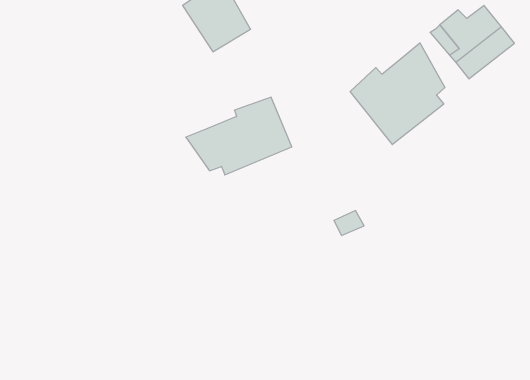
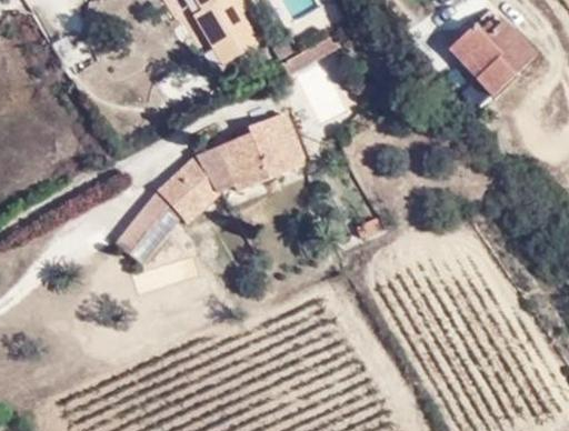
building: [350,43,445,145] -> none
building: none -> [116,154,221,264]

